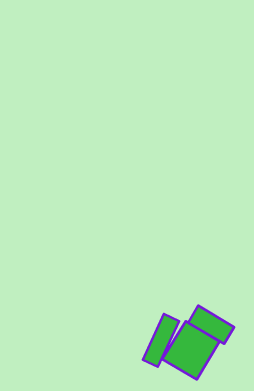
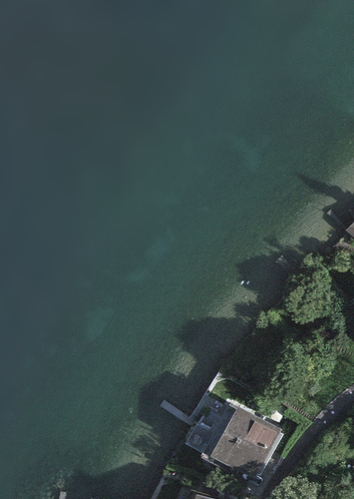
building: [188,306,234,344] -> none

